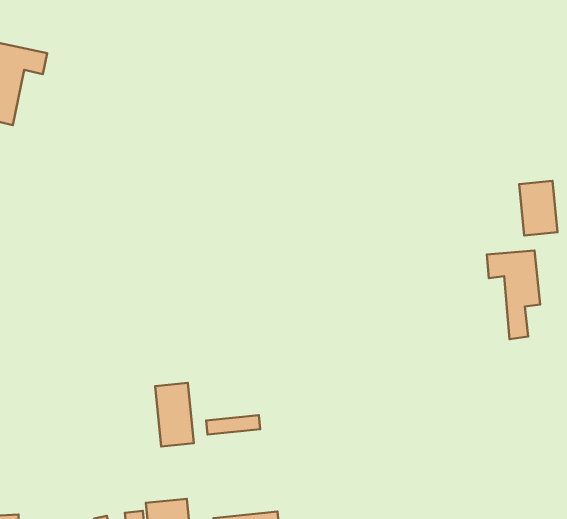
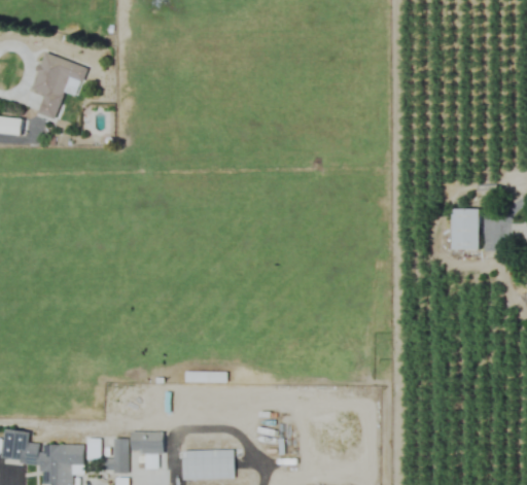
building: [487,250,540,339] -> none
building: [155,383,194,446] -> none

